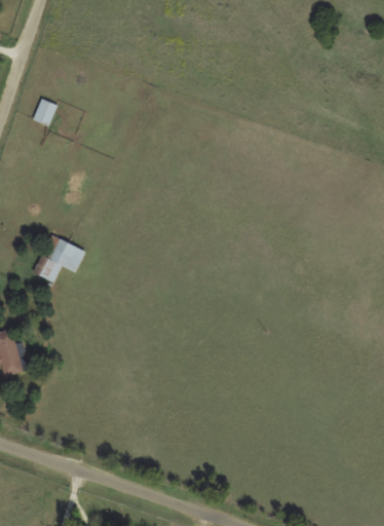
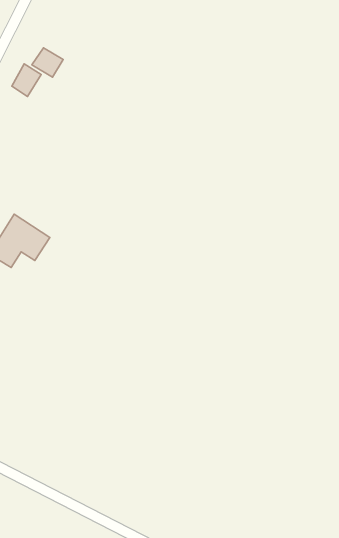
building: none -> [32,48,63,77]

